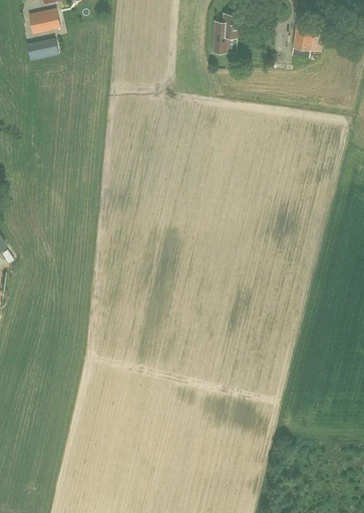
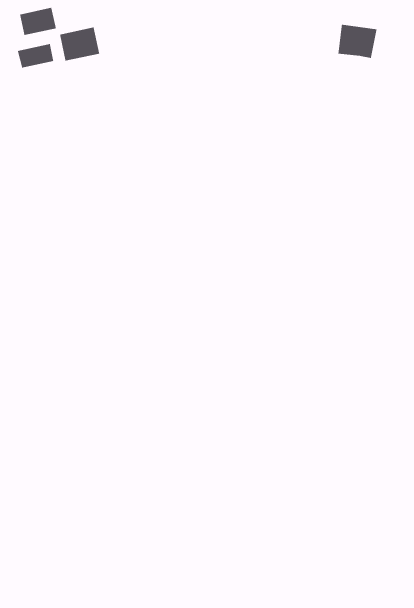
building: [214,13,241,52] -> none
building: none -> [59,26,100,62]

